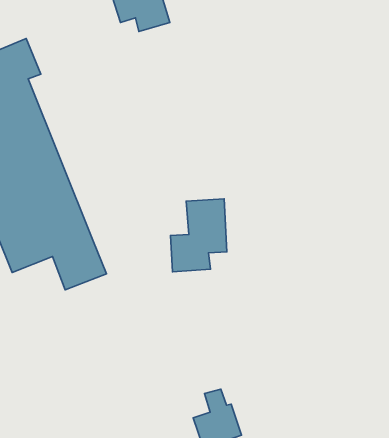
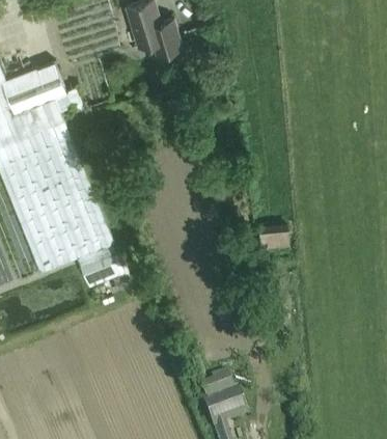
building: [170,199,227,272] -> none
building: none -> [257,228,289,247]

